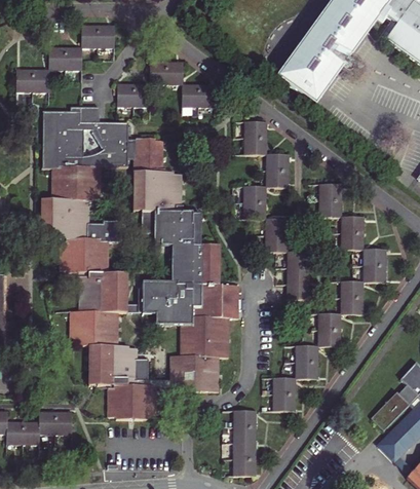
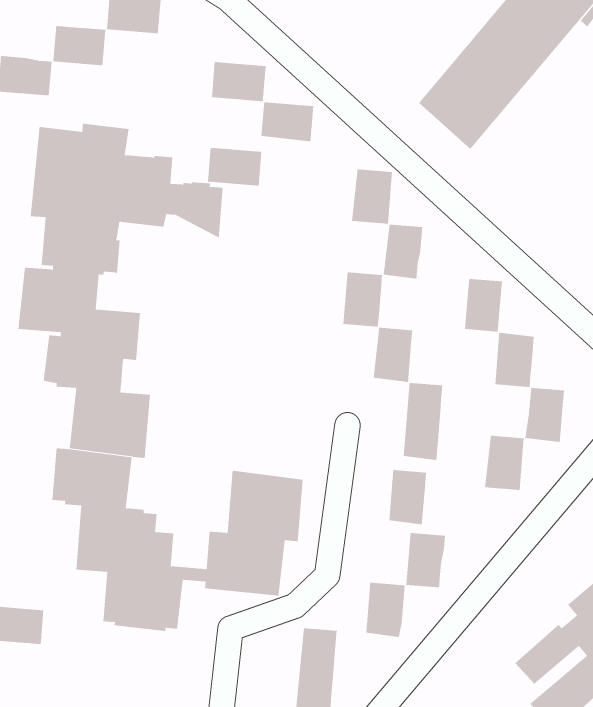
building: [117,84,150,106] -> [207,147,262,186]
building: [127,159,238,317] -> none
building: [318,313,340,346] -> [388,470,427,525]

